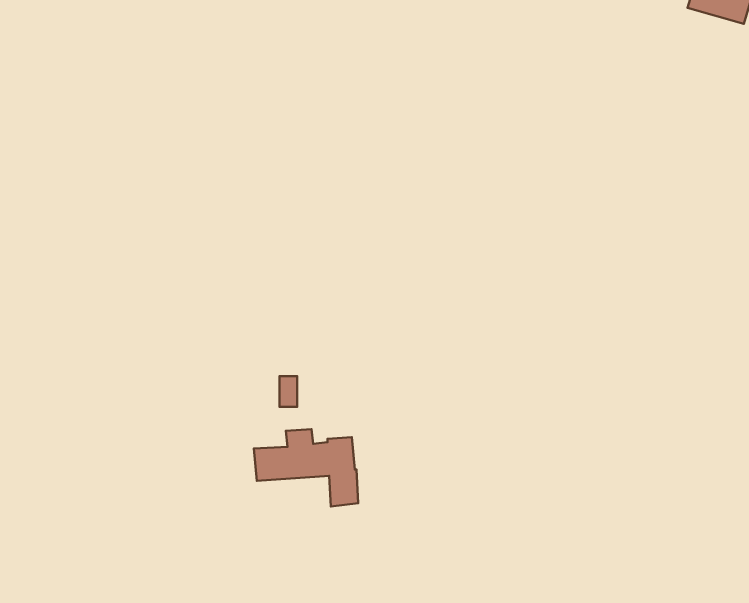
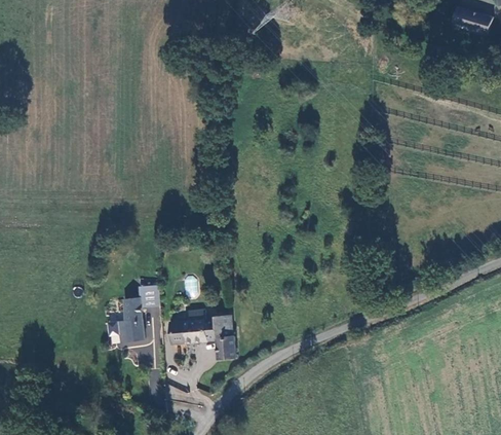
building: none -> [119,286,160,341]

